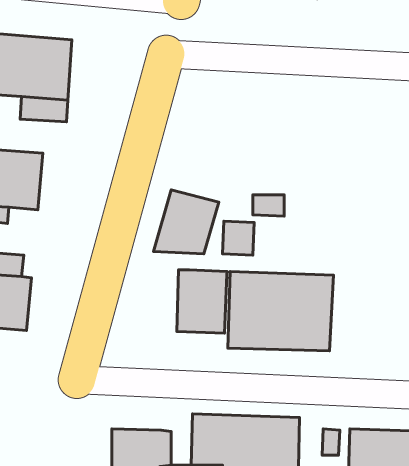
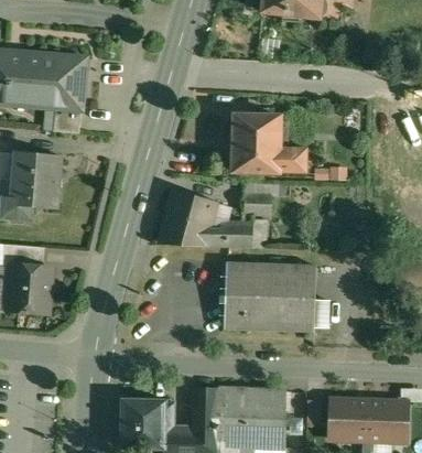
building: none -> [232,114,307,171]
building: [177,270,227,333] -> none

